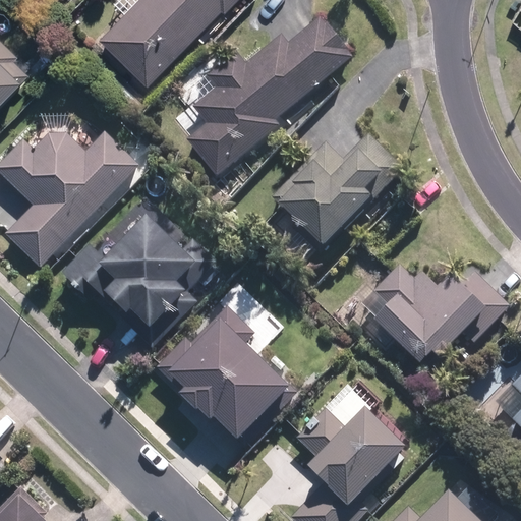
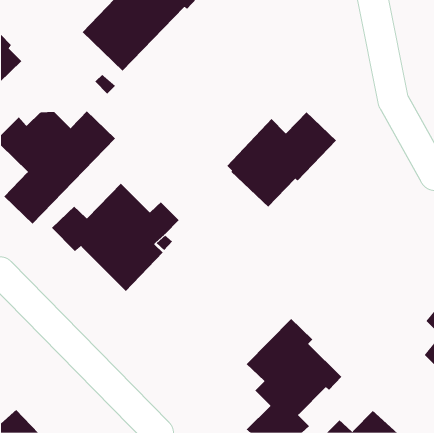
building: [186,16,353,177] -> none
building: [371,265,510,367] -> none
building: [158,305,288,441] -> none

